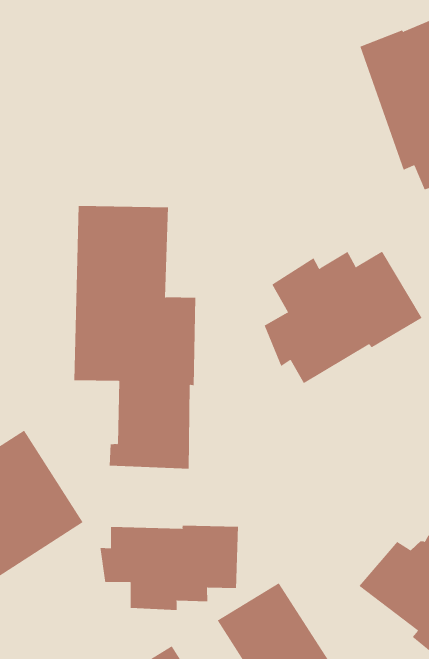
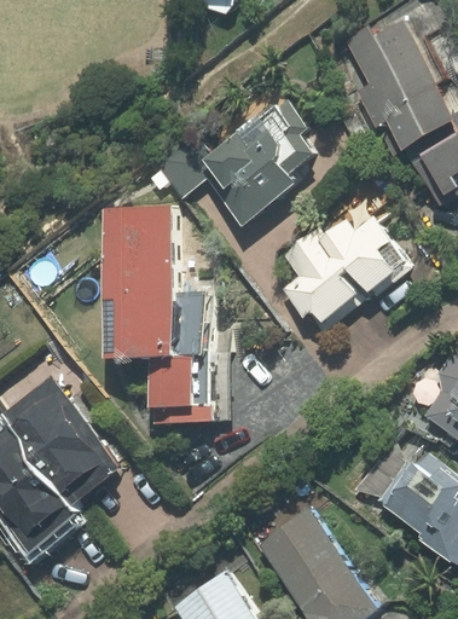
building: none -> [180,106,301,238]
building: [100,525,239,611] -> none

